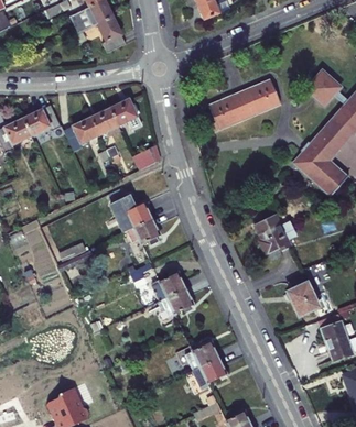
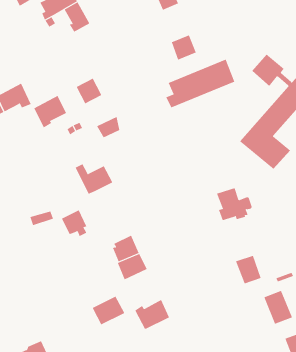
building: none -> [171,35,197,60]
building: [91,106,121,134] -> none
building: [132,210,161,240] -> [61,210,87,237]
building: [187,358,224,390] -> [92,296,125,325]

